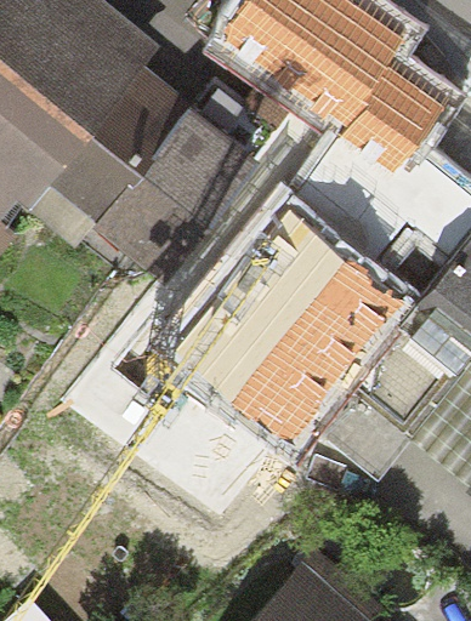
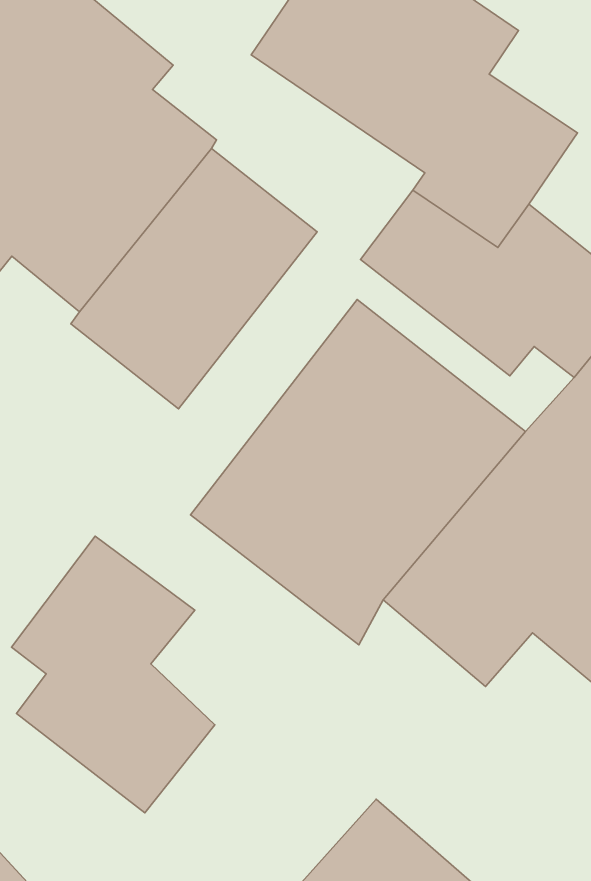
building: none -> [12,536,215,813]

